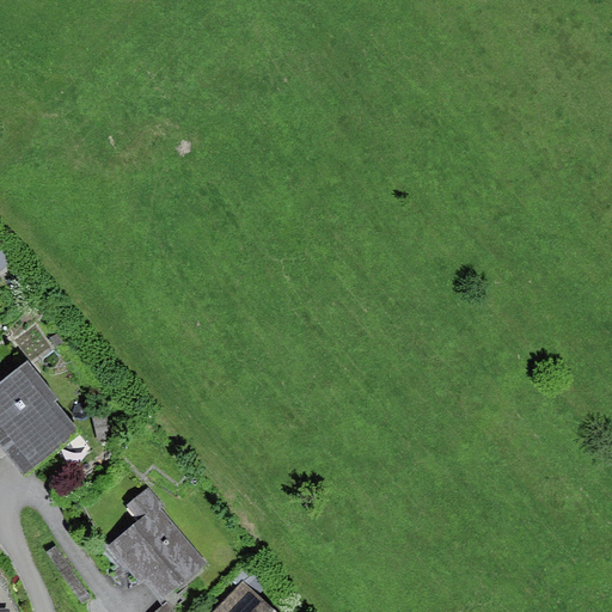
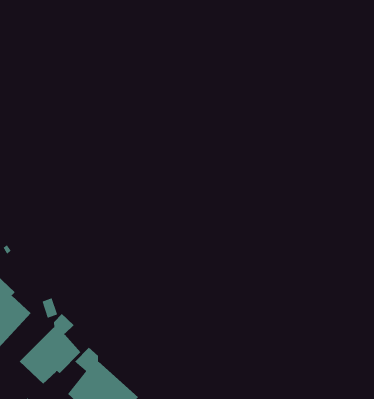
building: none -> [19,313,81,384]

